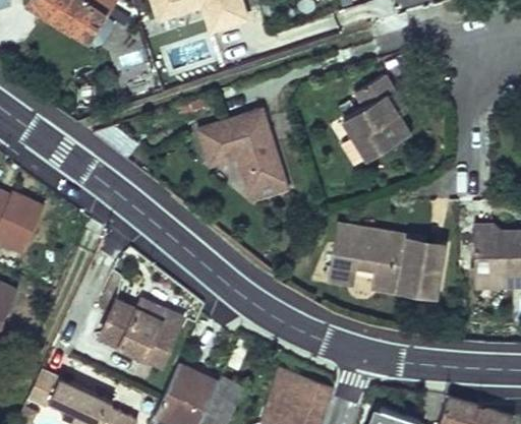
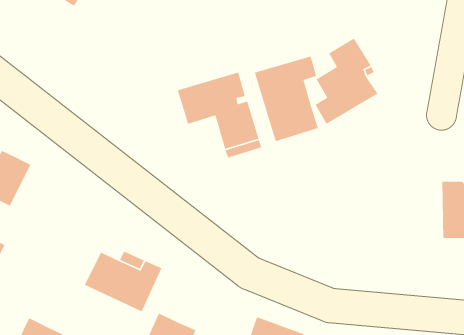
building: none -> [254,55,319,142]
building: [329,228,445,299] -> none

